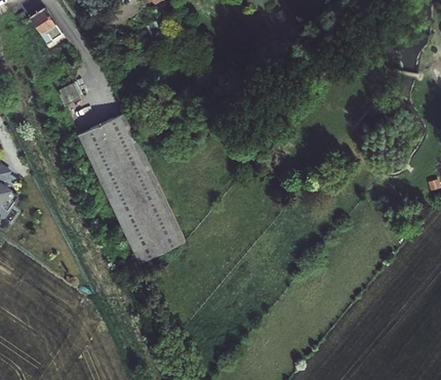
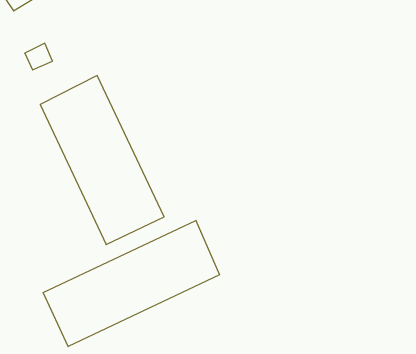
building: none -> [43,220,219,347]

